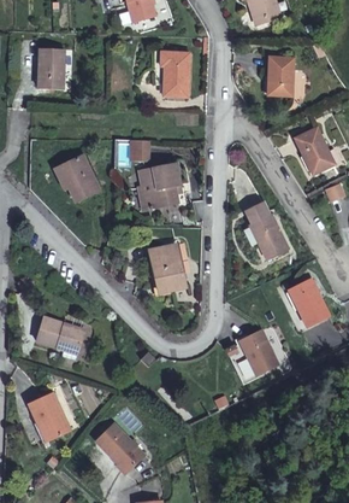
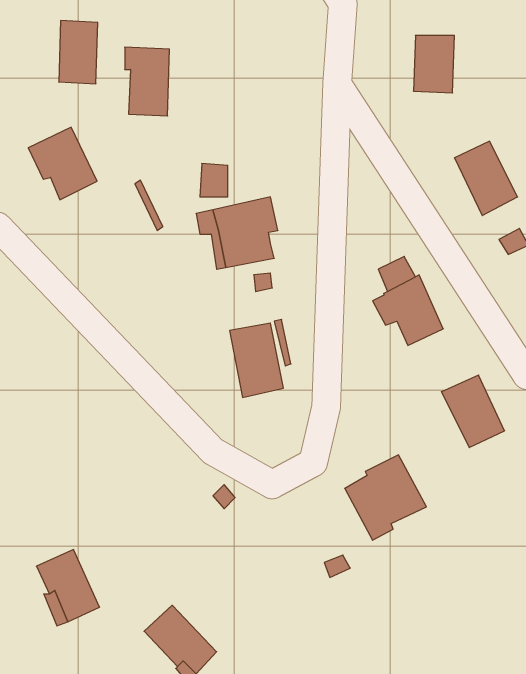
building: [161,51,190,95] -> [125,47,169,116]
building: [57,154,101,201] -> [28,127,97,200]
building: [34,317,82,350] -> none

